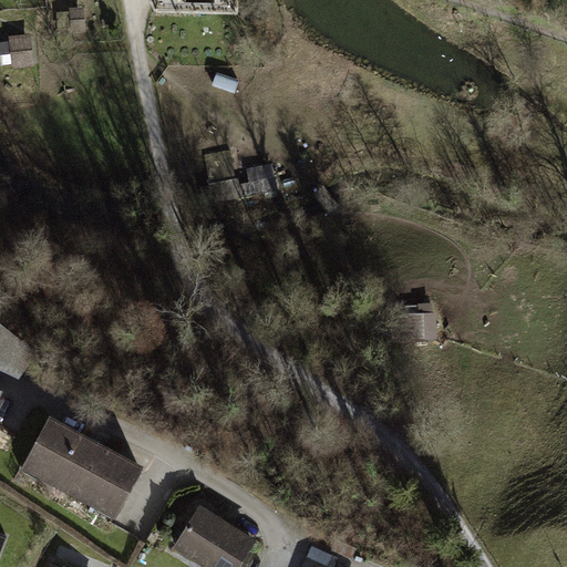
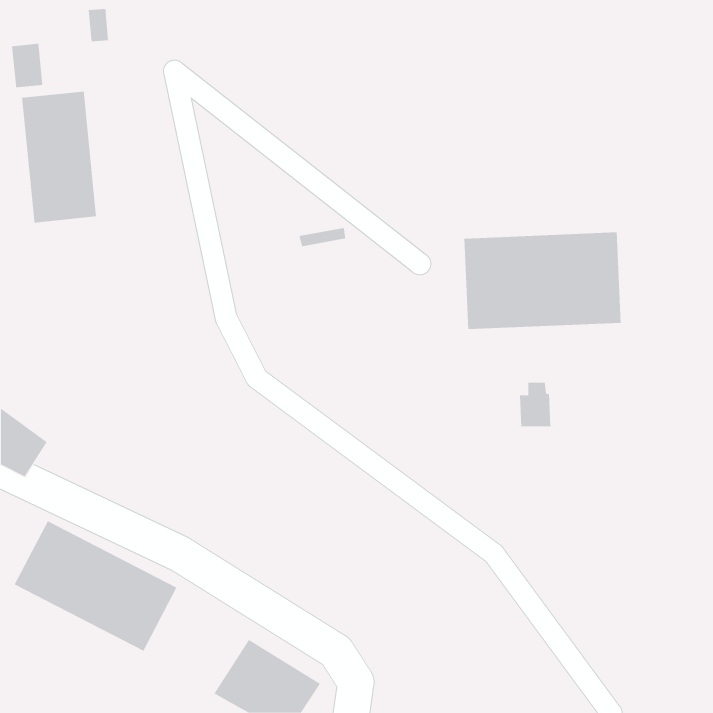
building: none -> [21,91,97,224]
building: none -> [464,232,621,330]

